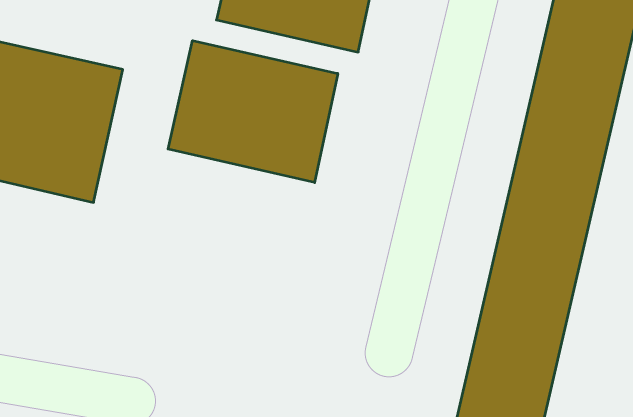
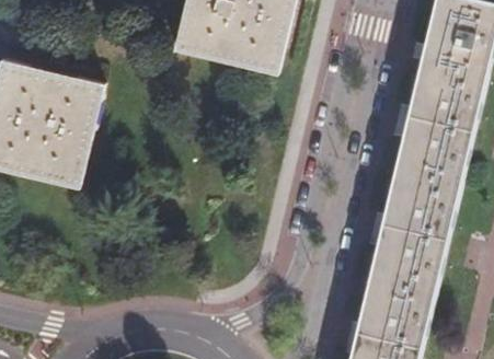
building: [168,41,338,183] -> none

